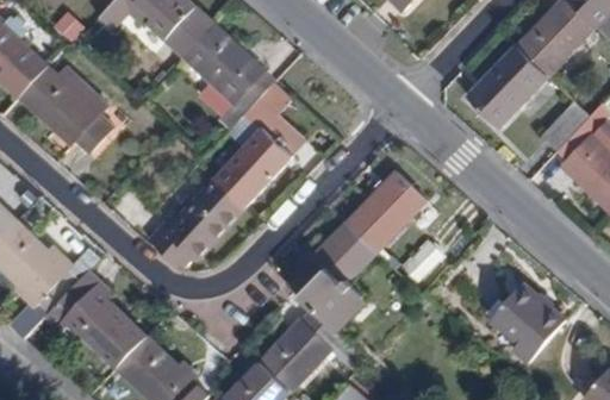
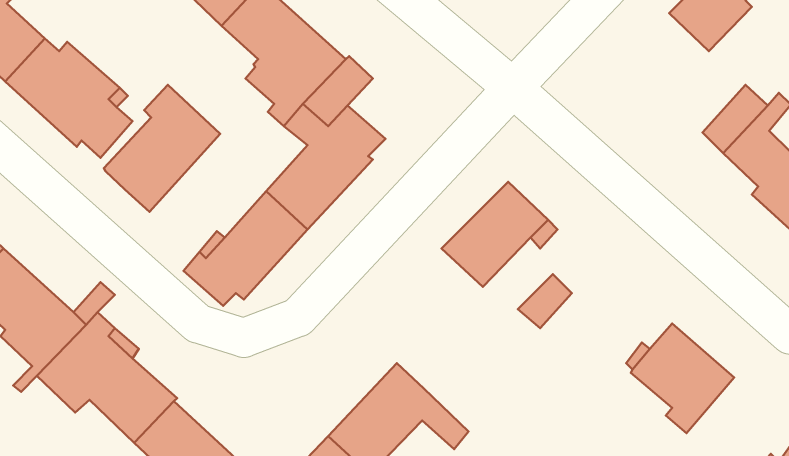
building: [466,46,546,126] -> none
building: none -> [104,85,220,212]
building: [286,223,376,327] -> none

